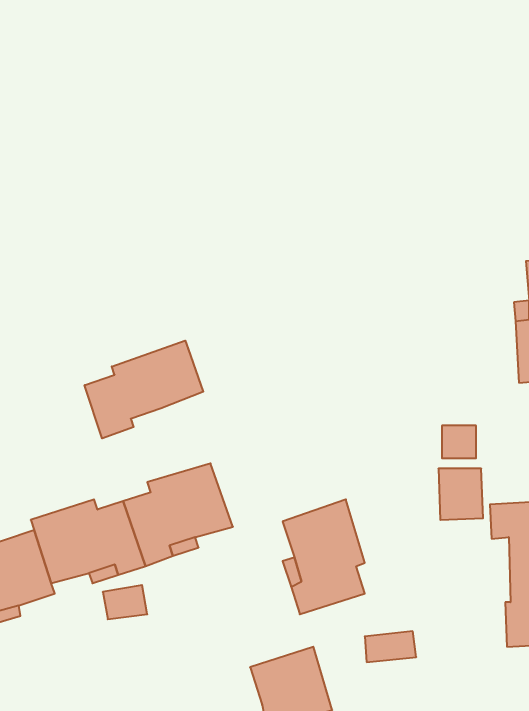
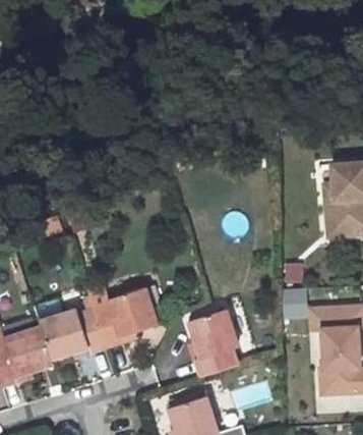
building: [85,341,203,438] -> none

